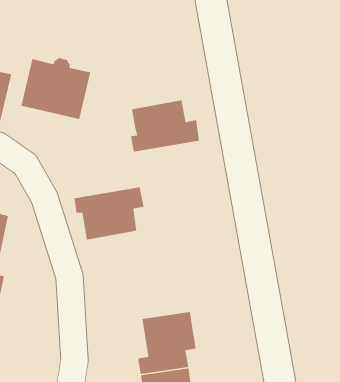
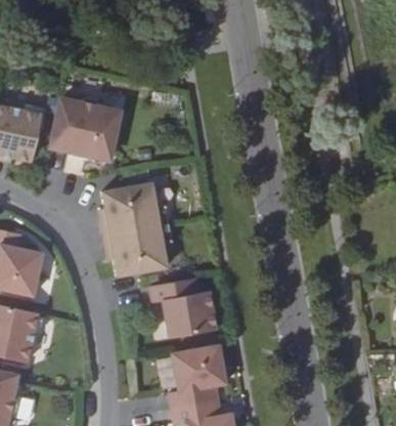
building: [130,100,200,153] -> [102,186,171,239]
building: none -> [149,282,216,342]

